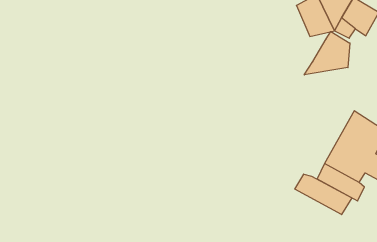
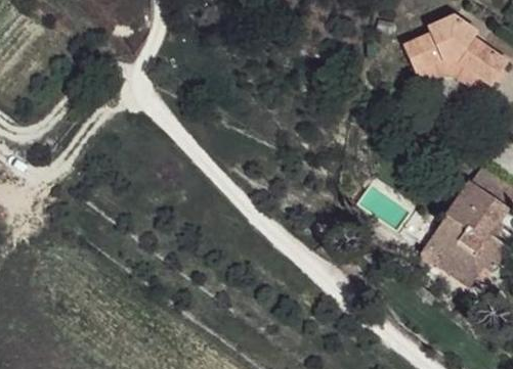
building: [304,32,350,75] -> none
building: [295,174,352,215] -> none

